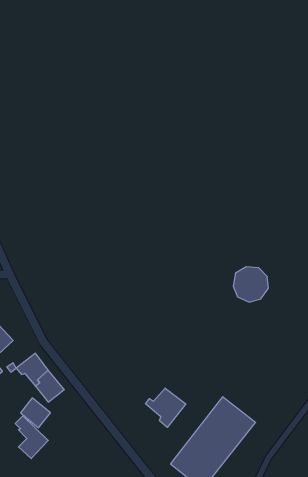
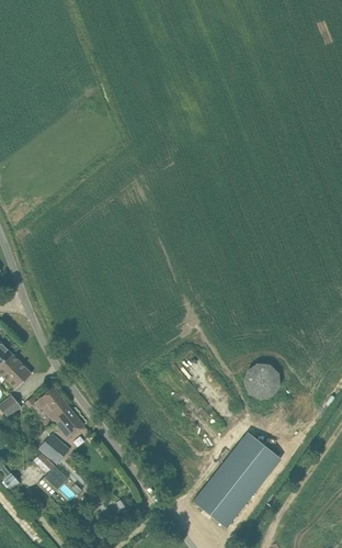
building: [233,267,268,302] -> [243,362,280,399]
building: [145,388,186,427] -> none

